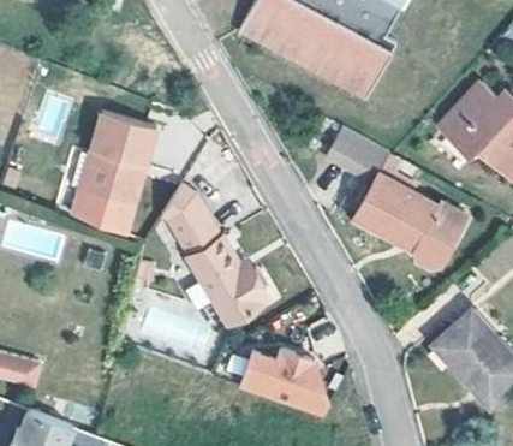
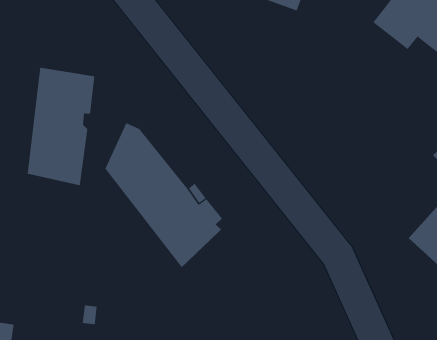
building: [328,121,467,260] -> none
building: [235,351,327,416] -> none

